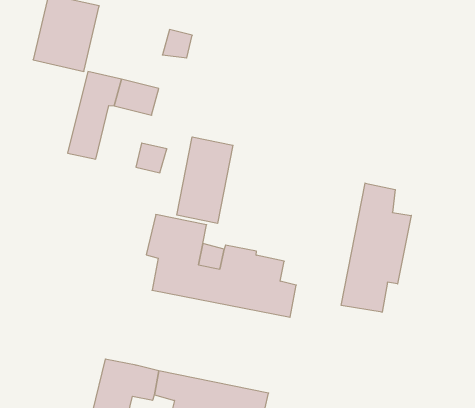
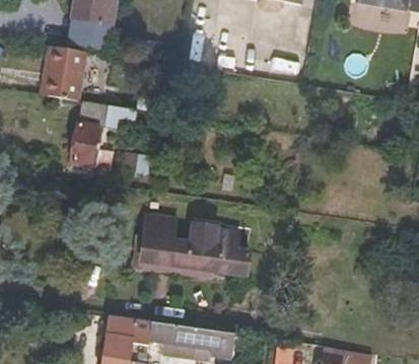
building: [177,137,233,223] -> none
building: [341,183,411,312] -> none

